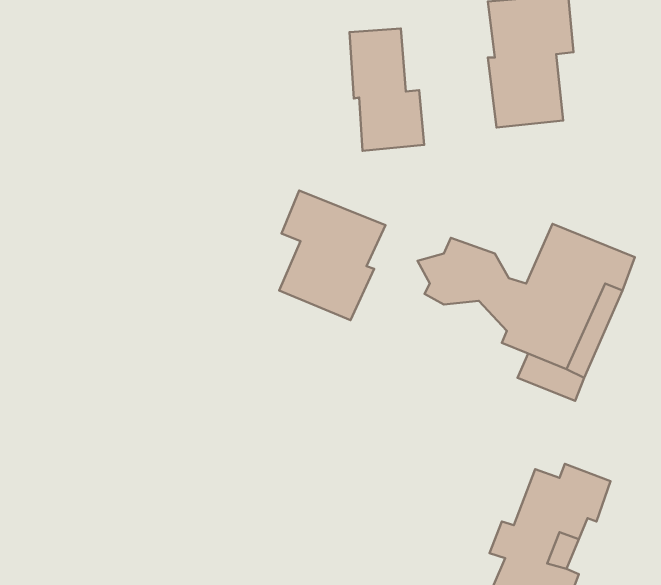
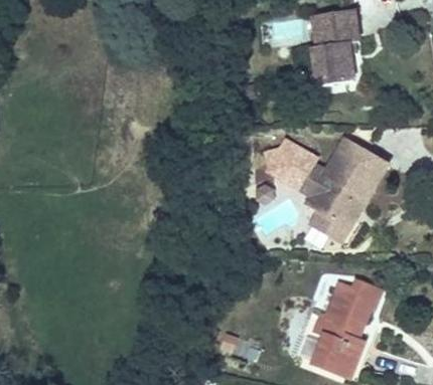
building: [350,28,424,151] -> none
building: [279,190,386,320] -> none

